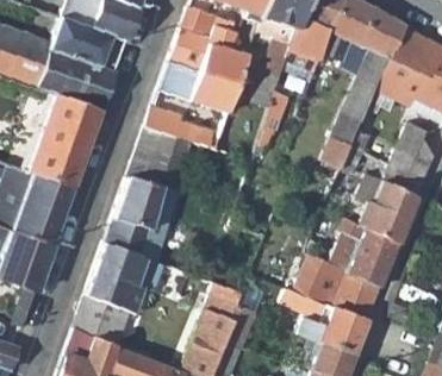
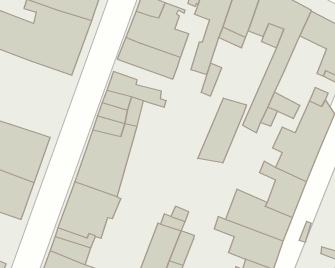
building: [371,56,425,107] -> none
building: [25,88,104,184] -> none
building: none -> [198,98,247,163]

